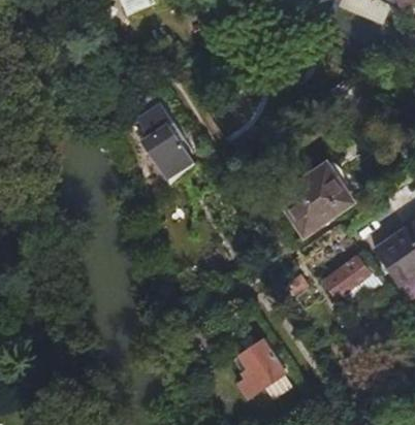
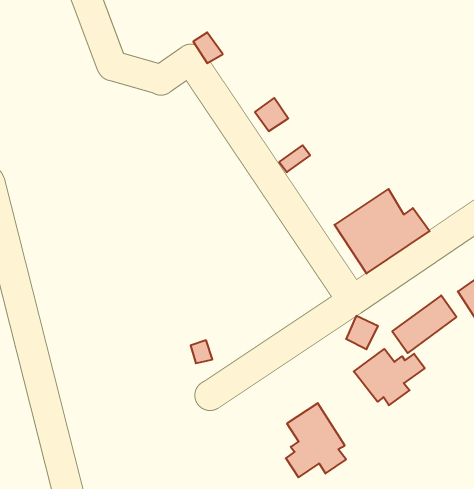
building: [137,102,193,177] -> none
building: none -> [354,349,425,405]

